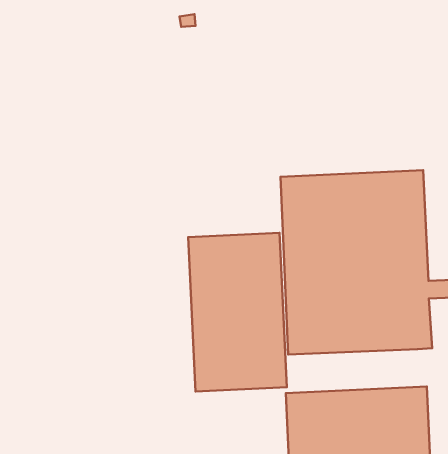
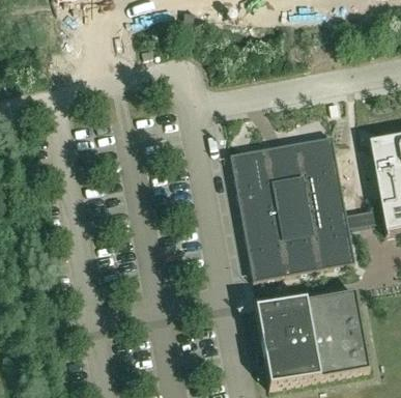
building: [188,233,287,392] -> none

